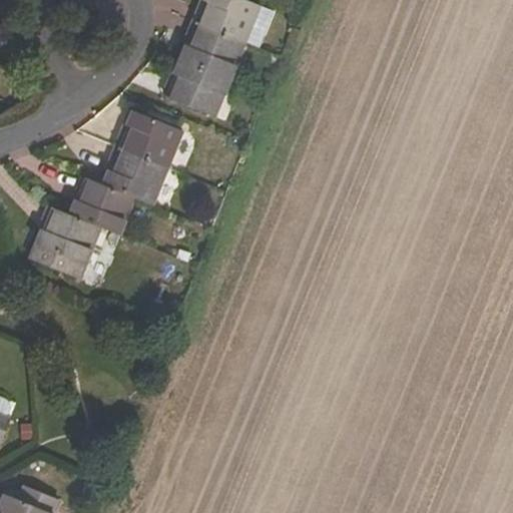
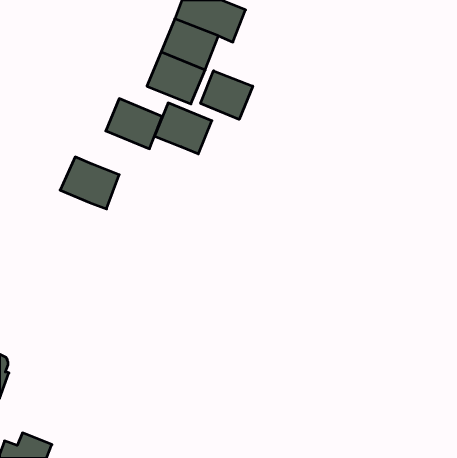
building: none -> [201,71,253,119]
building: [103,146,167,203] -> [155,103,212,154]
building: [30,206,100,279] -> none

